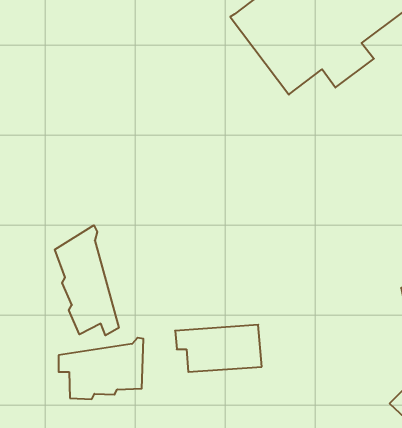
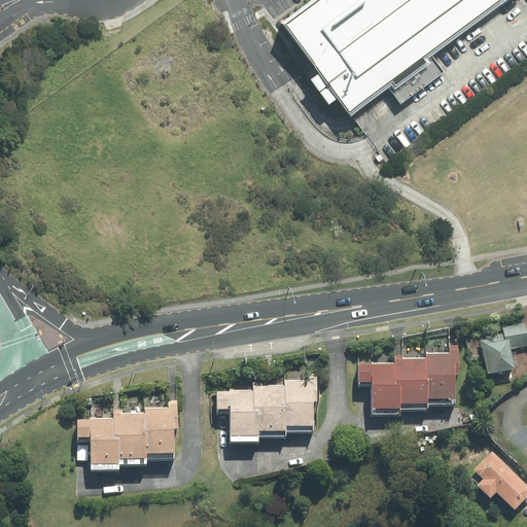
building: [55,225,119,335] -> none
building: none -> [359,346,458,410]

